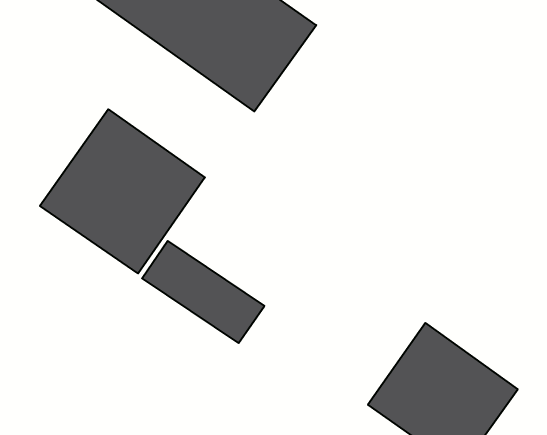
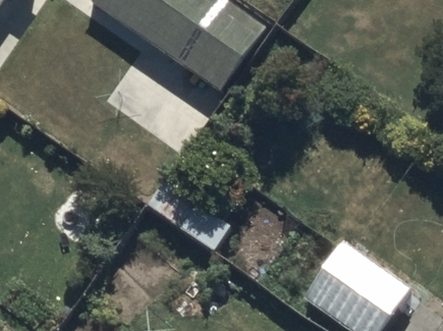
building: [40,109,205,273] -> none

